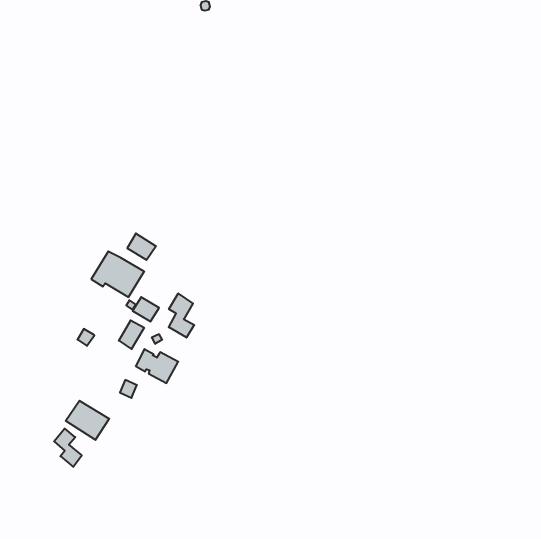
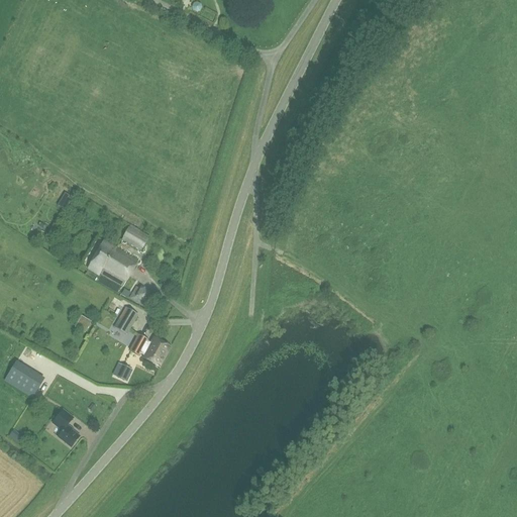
building: [169,293,194,338] -> none
building: [66,401,109,440] -> [4,359,45,397]

